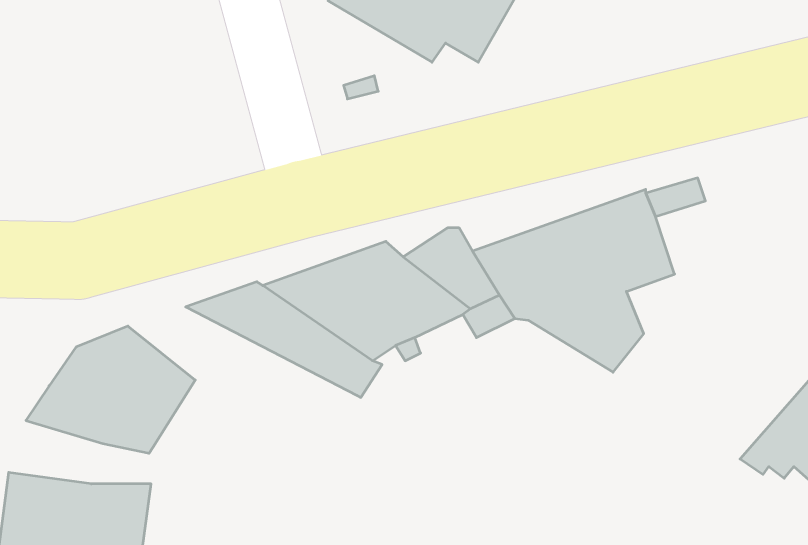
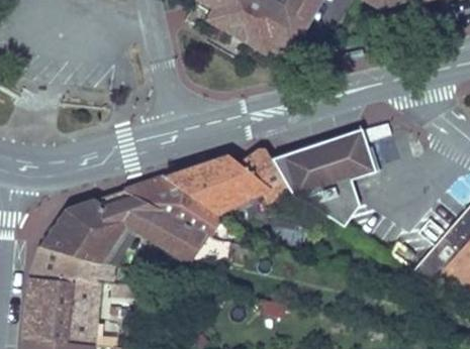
building: none -> [94,190,214,266]
building: none -> [31,249,119,282]

